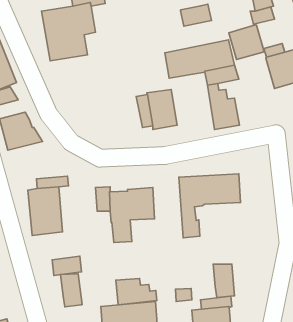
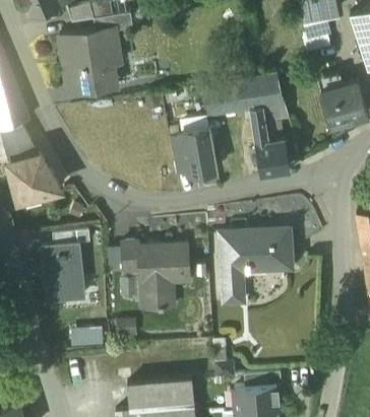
building: [180,4,211,26] -> none
building: [229,25,264,59] -> none
building: [213,264,235,298] -> none
building: [60,274,82,307] -> none
building: [116,279,157,305] -> none

